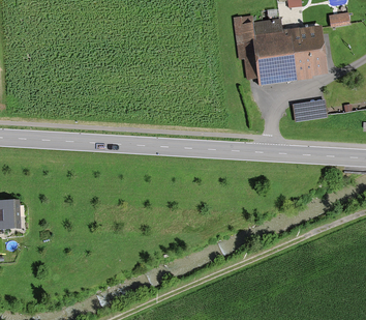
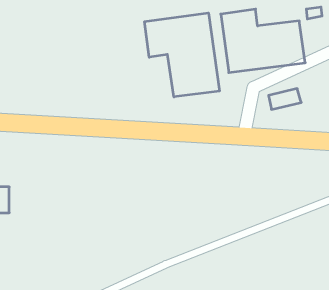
building: none -> [145,13,219,97]

